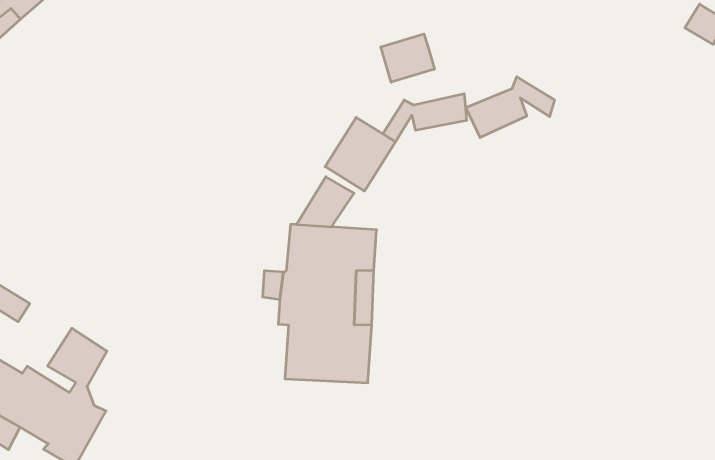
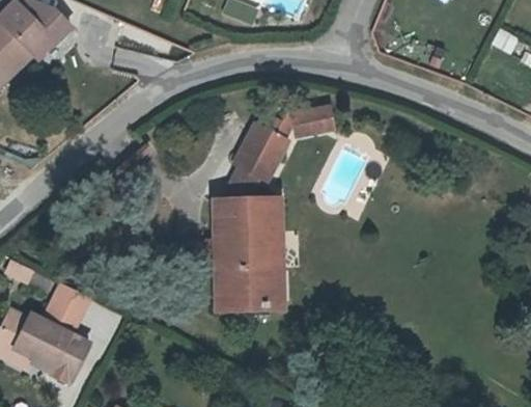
building: [381,34,434,82] -> none
building: [466,77,554,138] -> none

